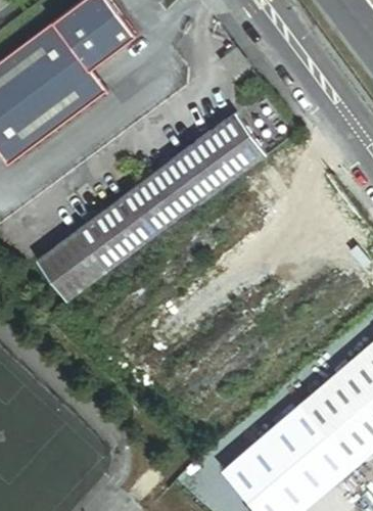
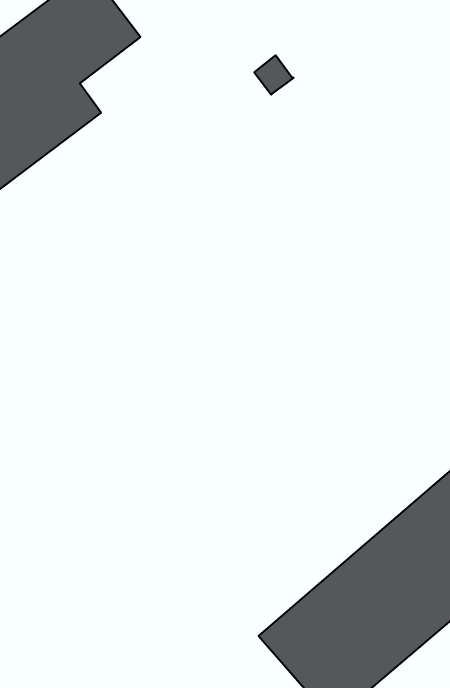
building: [38,112,266,299] -> none

